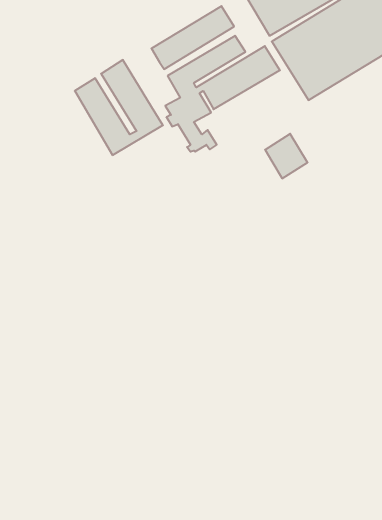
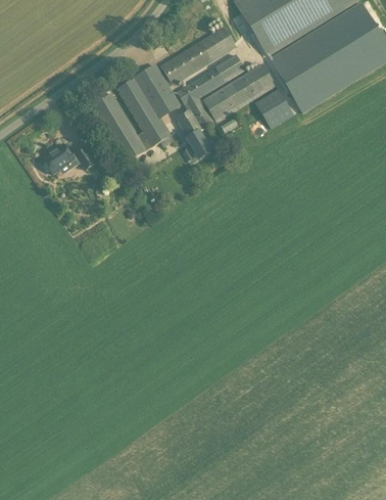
building: none -> [136,64,181,118]
building: [265,134,308,178] -> [255,88,293,128]
building: none -> [42,143,96,173]

